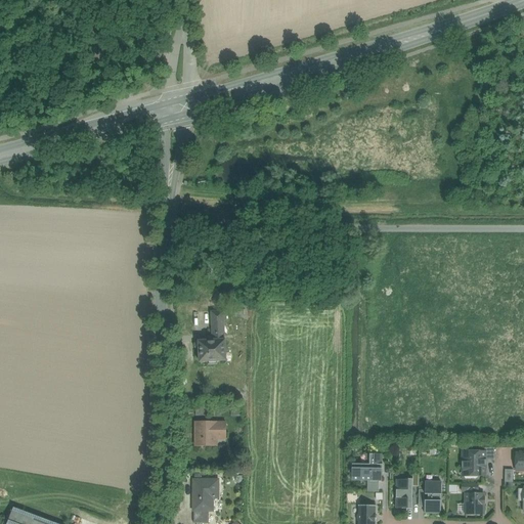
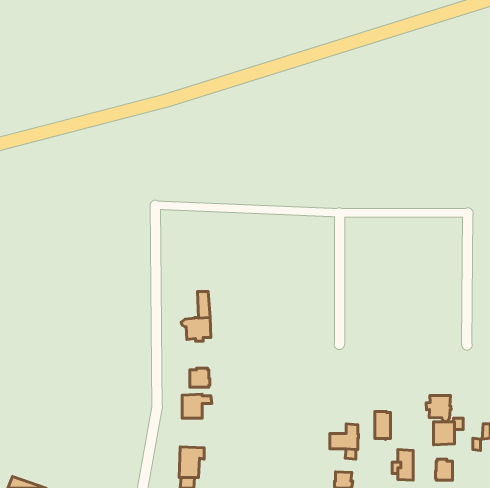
building: none -> [190,368,210,387]
building: none -> [426,396,451,422]
building: [396,478,412,508] -> [375,412,390,439]

